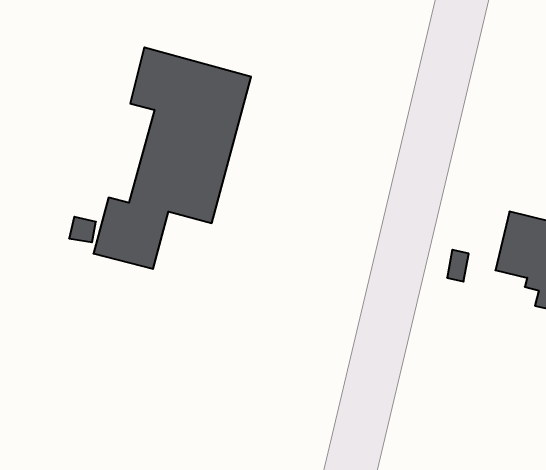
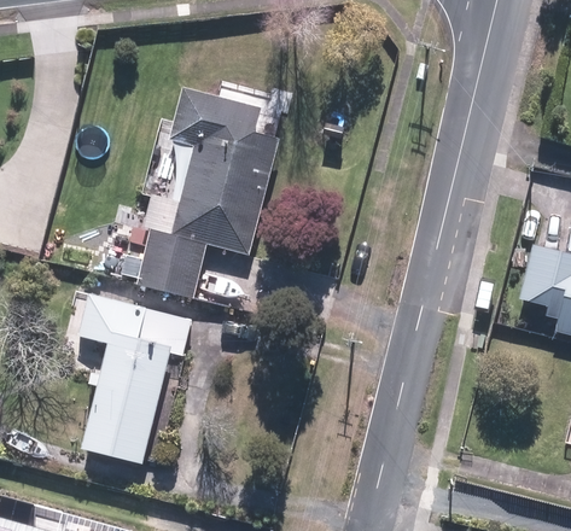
building: none -> [77,293,190,463]

